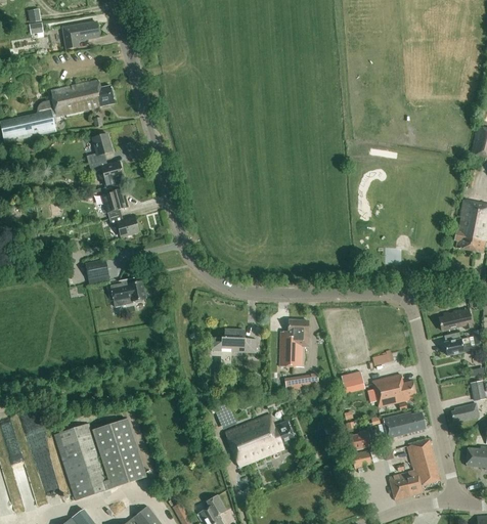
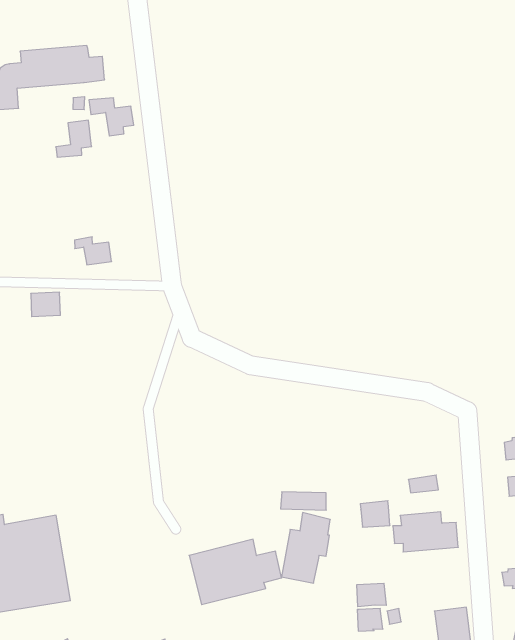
building: [89,158,124,185] -> [89,98,134,136]
building: [99,188,128,220] -> none
building: [110,276,147,306] -> none
building: [280,317,310,366] -> [281,513,330,583]
building: [212,328,257,351] -> none
building: [384,411,425,437] -> none

